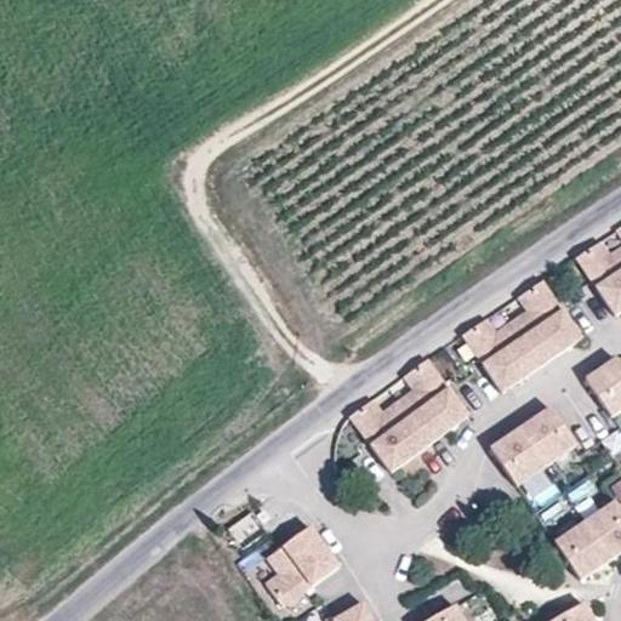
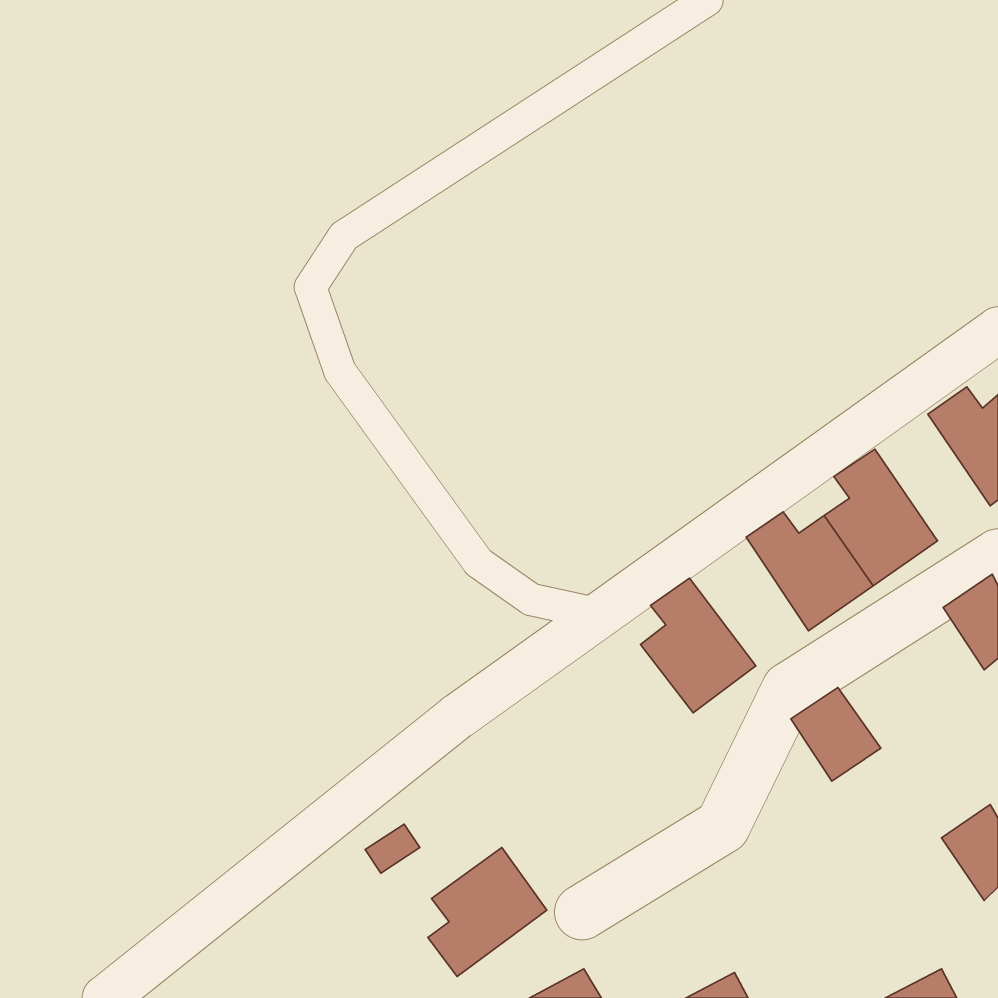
building: [349,398,431,472] -> none
building: [520,406,576,465] -> none
building: [554,520,611,579] -> none

